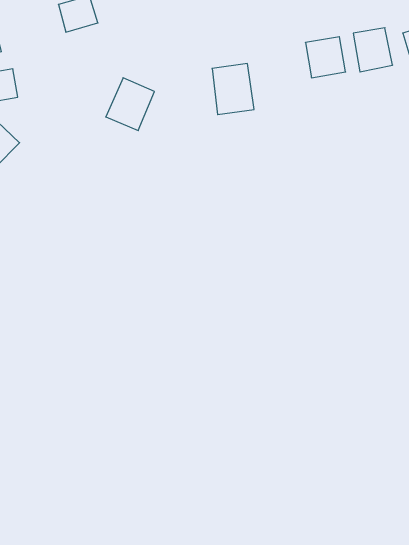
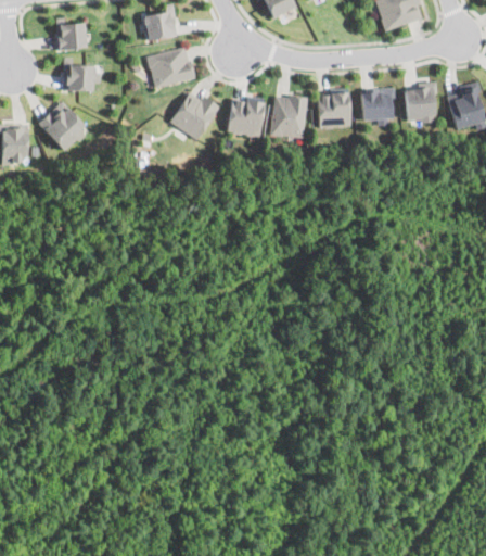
building: none -> [146,48,195,89]
building: none -> [319,90,349,127]
building: none -> [228,99,264,138]

